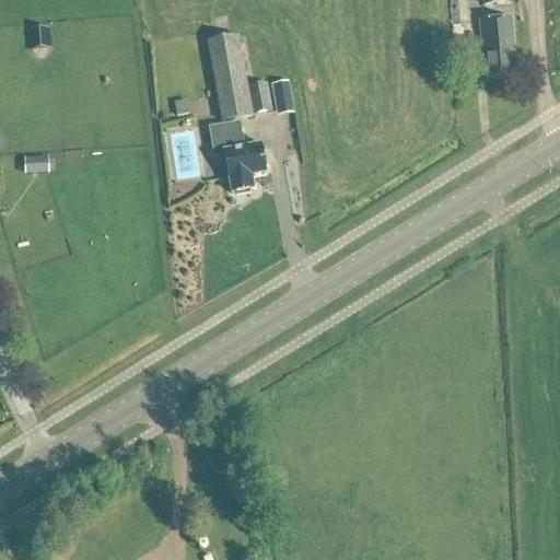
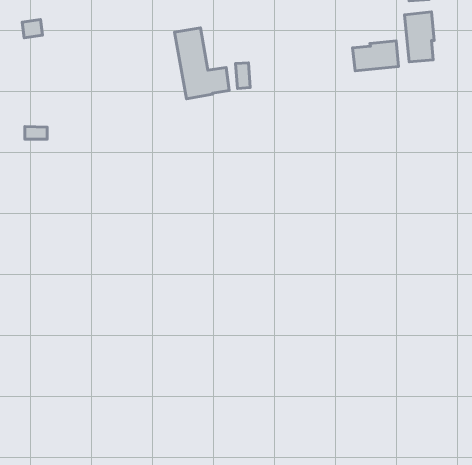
building: none -> [353,41,398,71]
building: [210,121,266,189] -> none

